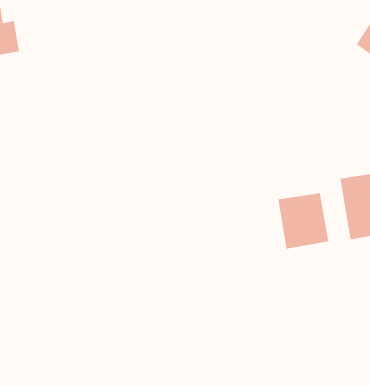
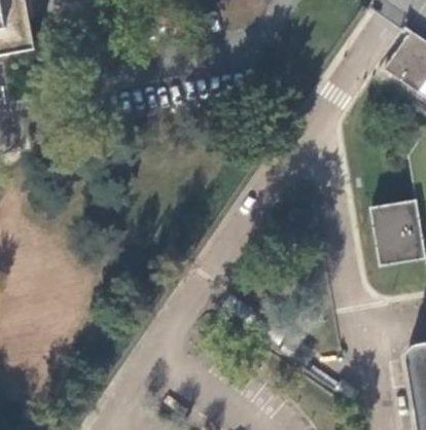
building: [278,192,329,249] -> none

